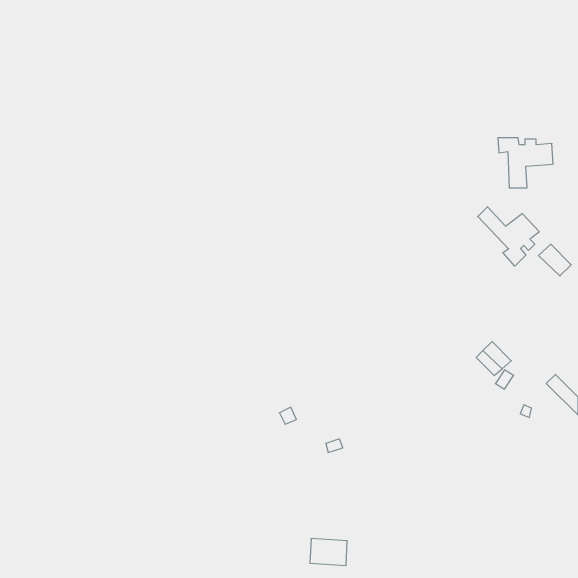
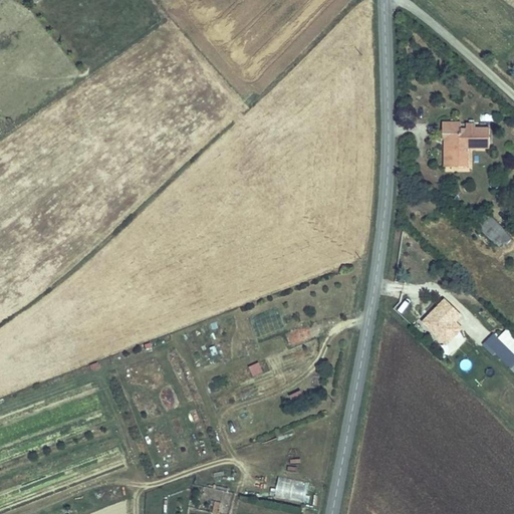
building: [478,207,539,266] -> none

